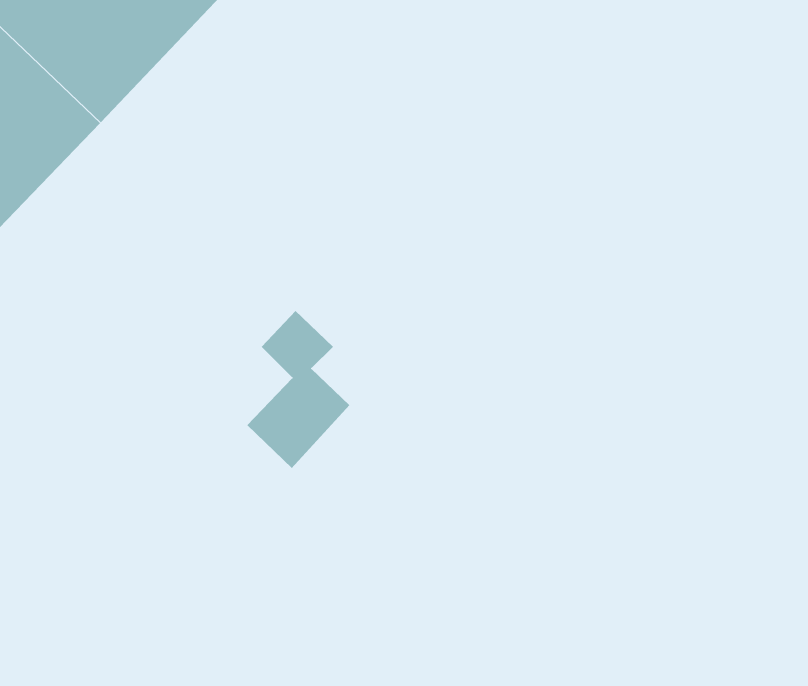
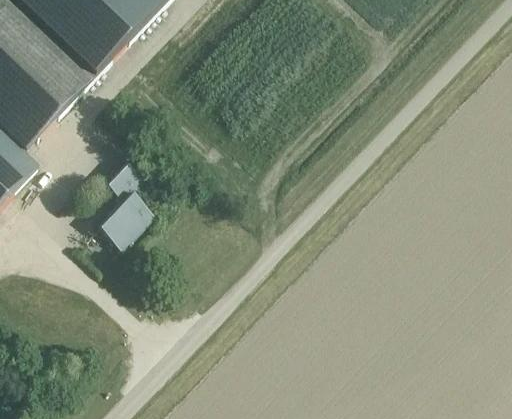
building: [246,310,350,469] -> [96,163,153,250]

